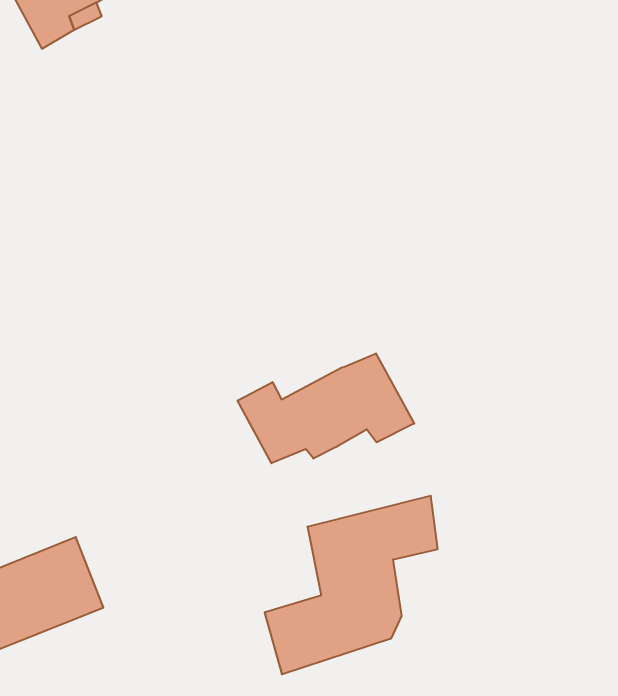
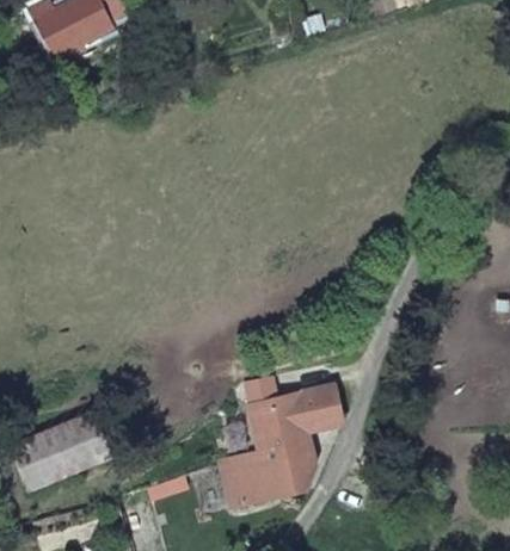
building: [238,353,414,463] -> none

